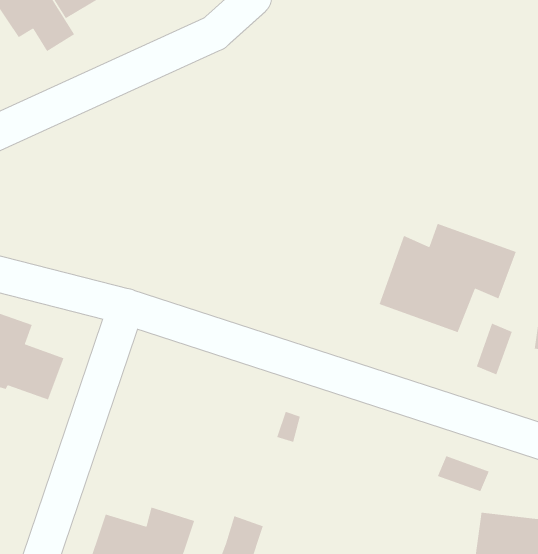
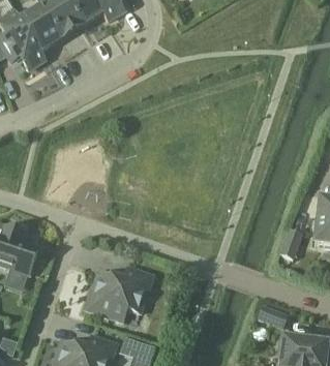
building: [378,223,517,333] -> none
building: none -> [86,267,151,321]

